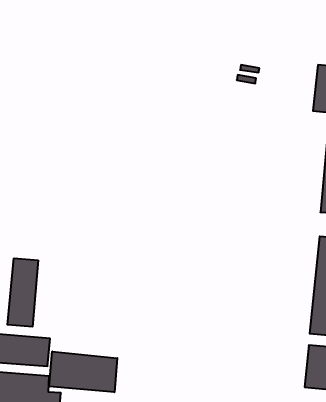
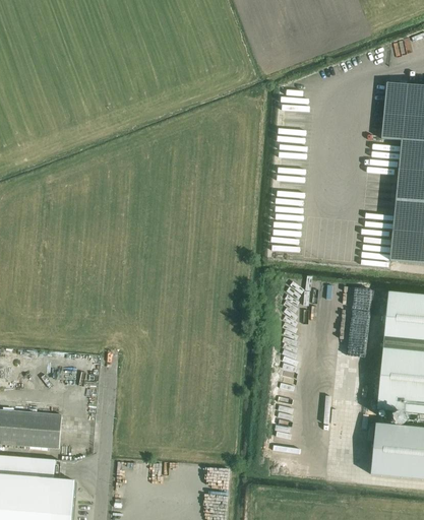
building: [7,258,38,327] -> none
building: [49,351,117,392] -> none

